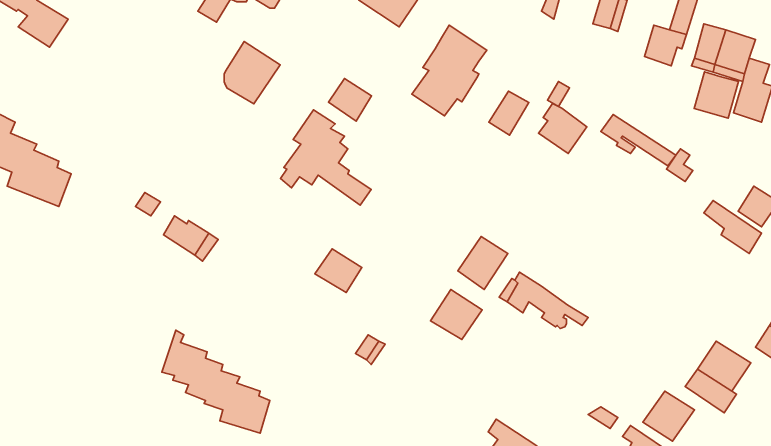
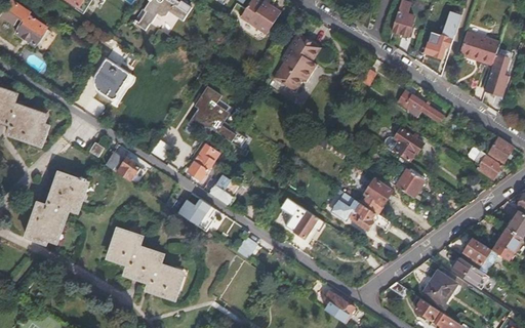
building: [224,41,280,104] -> [95,60,132,101]
building: [694,72,739,118] -> none
building: [328,79,371,121] -> none
building: [489,91,529,135] -> none
building: [538,103,587,154] -> [392,130,423,163]
building: none -> [189,144,219,177]
building: [458,236,508,290] -> [358,179,391,214]
building: none -> [396,170,425,199]
building: none -> [25,174,86,248]
building: none -> [178,199,215,232]

